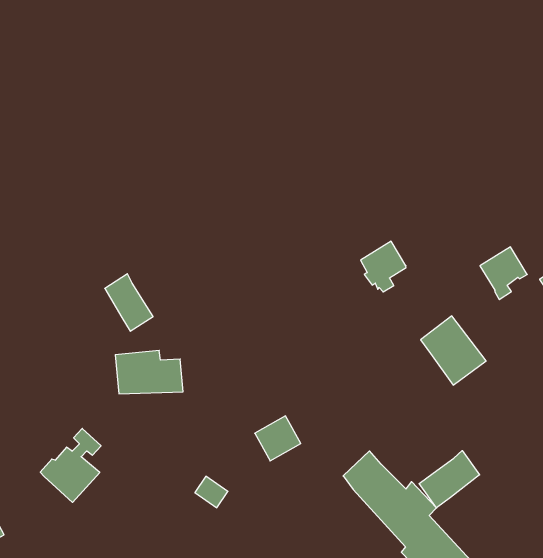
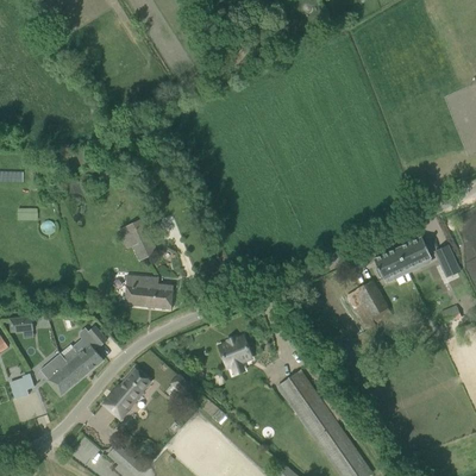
building: [361,241,406,292] -> [374,246,406,282]
building: [419,451,480,508] -> none
building: none -> [39,352,81,396]
building: none -> [102,367,151,418]

